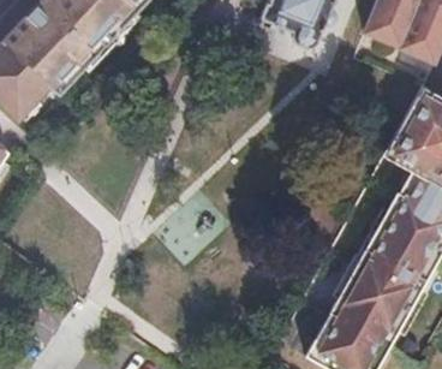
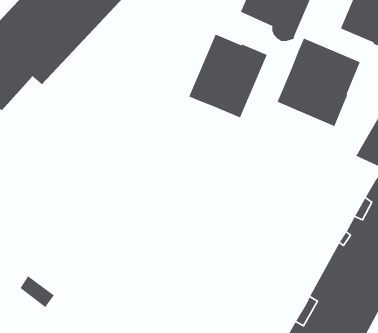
building: none -> [188,34,268,118]
building: none -> [277,38,361,127]

